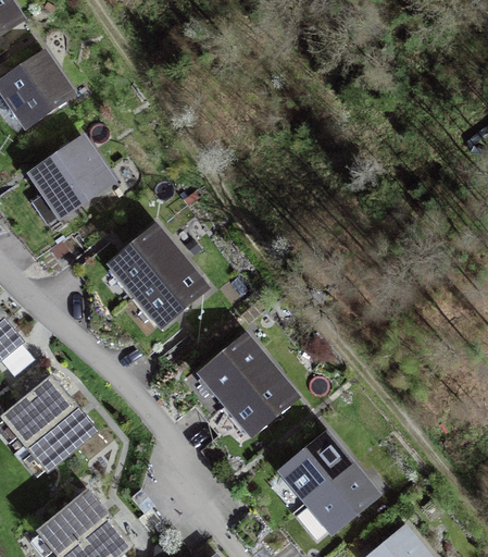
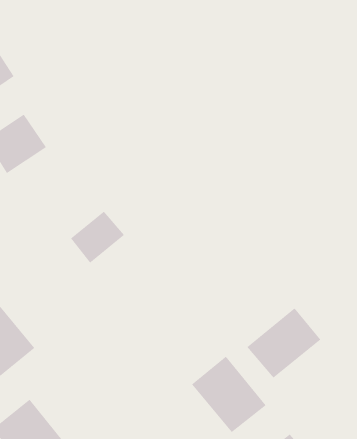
building: [112,232,177,295] -> none
building: [202,341,292,433] -> none
building: none -> [247,307,321,378]

